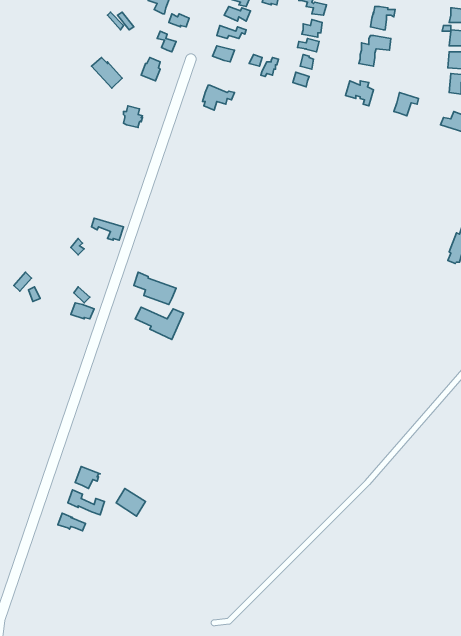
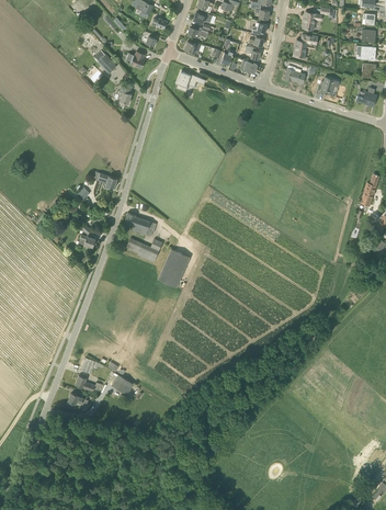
building: none -> [158,249,190,287]

